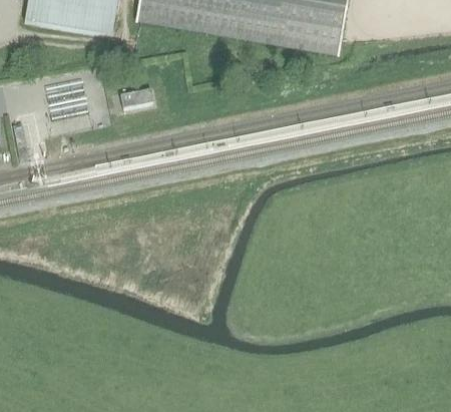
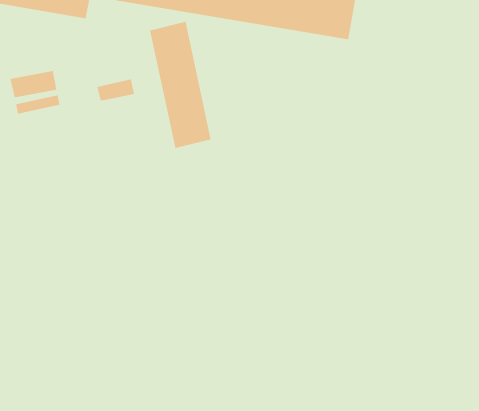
building: none -> [149,21,212,149]

